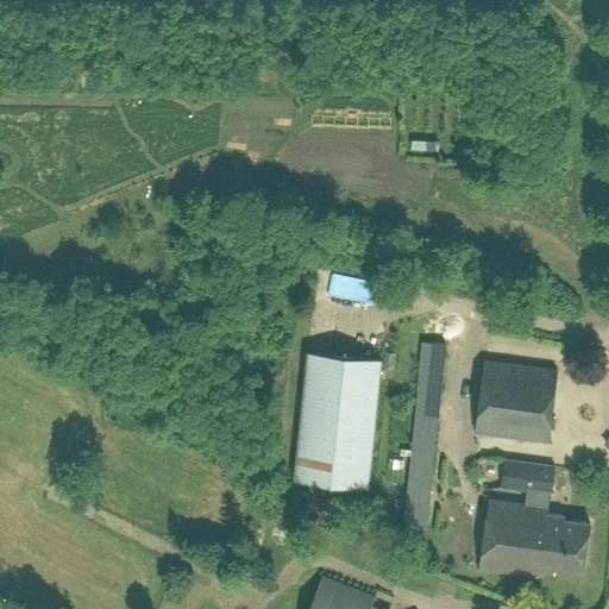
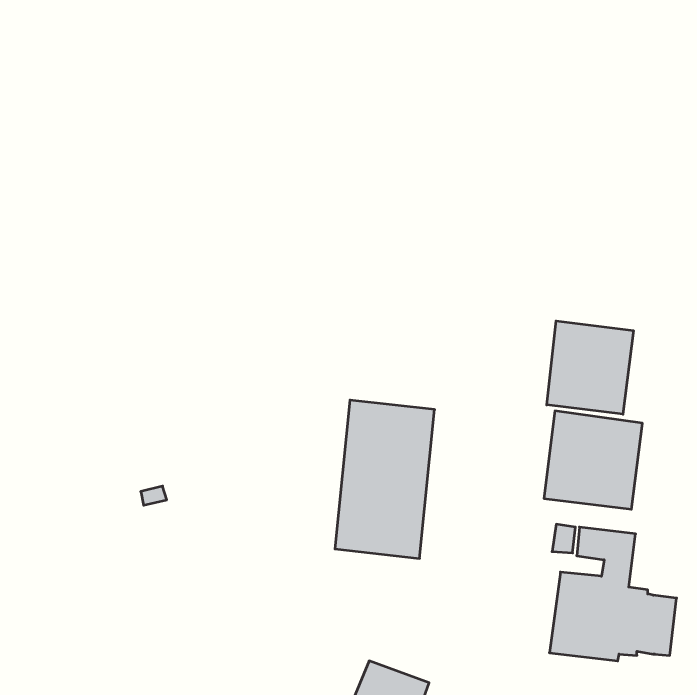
building: none -> [547,321,633,414]
building: [408,344,448,530] -> none

